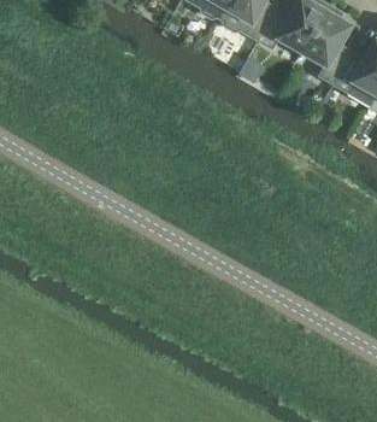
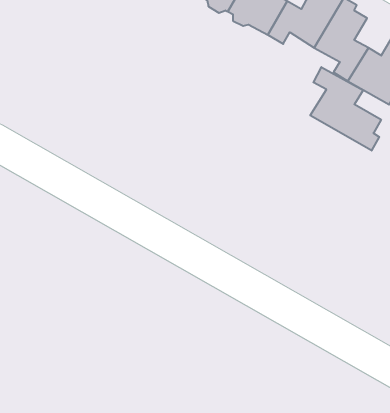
building: none -> [310,67,381,151]

